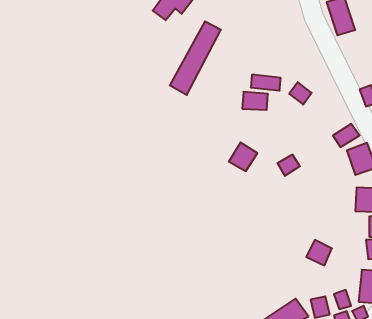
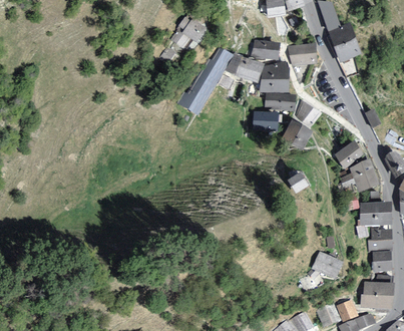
building: none -> [254,40,279,58]
building: none -> [294,44,316,63]
building: none -> [233,57,260,80]
building: none -> [264,64,286,90]
building: [229,142,257,171] -> [283,121,310,148]

